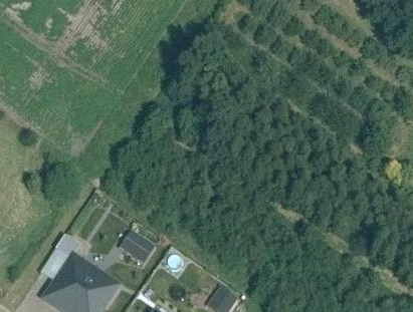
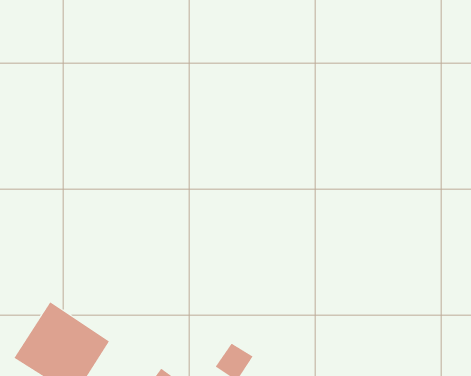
building: [116,227,151,260] -> none

